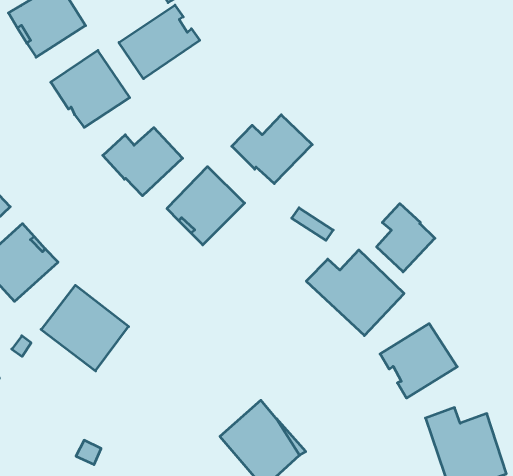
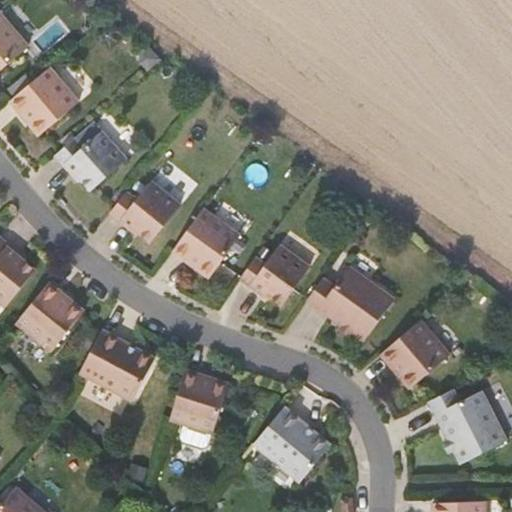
building: [119,5,200,79] -> none
building: [232,115,312,184] -> [241,245,311,306]
building: [377,204,435,272] -> none
building: none -> [169,368,228,432]

